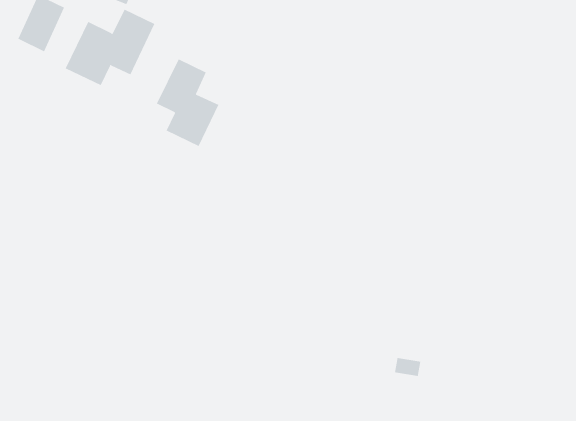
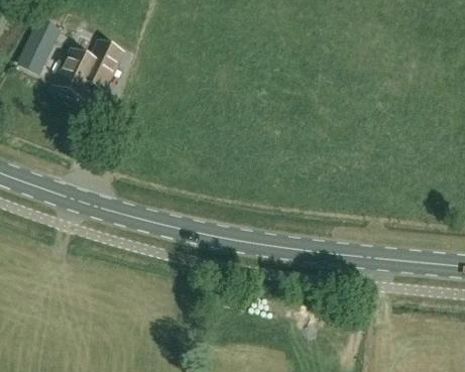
building: [156,59,219,147] -> none

